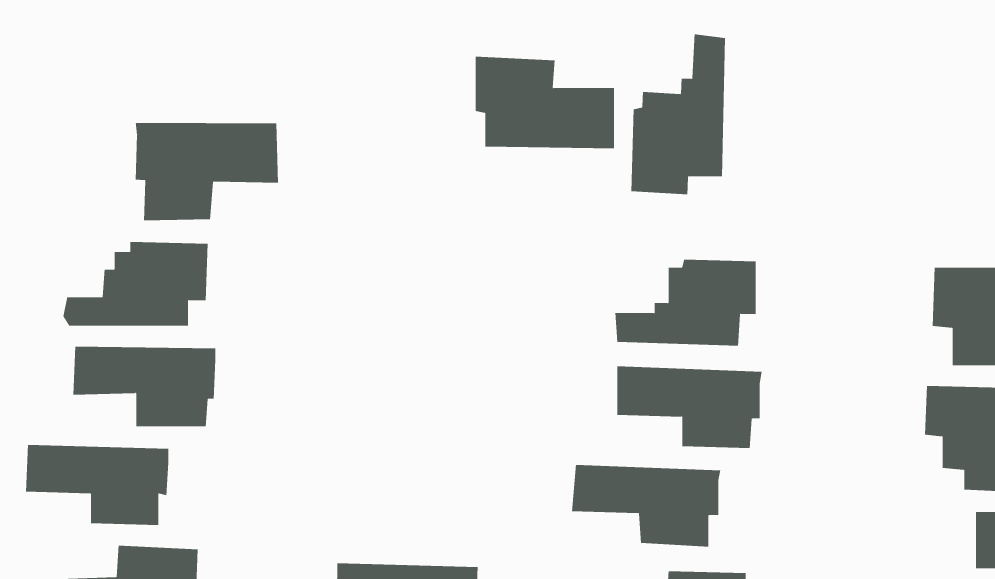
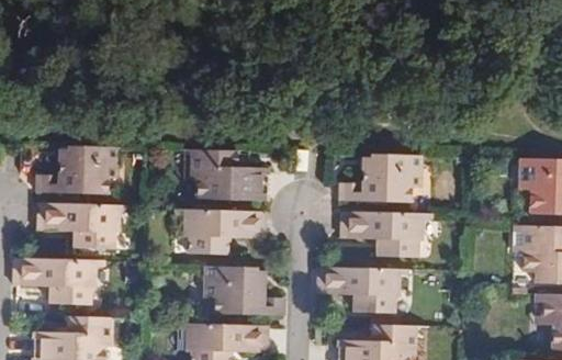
building: [631,33,725,195] -> none
building: [475,56,615,149] -> [190,147,268,199]
building: [135,122,279,221] -> none
building: none -> [186,210,266,256]
building: none -> [206,268,286,316]

